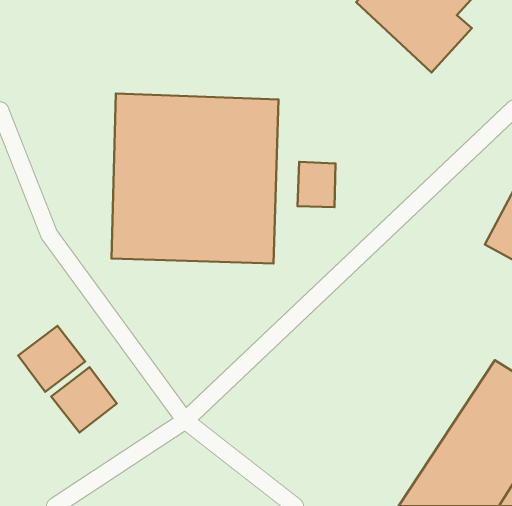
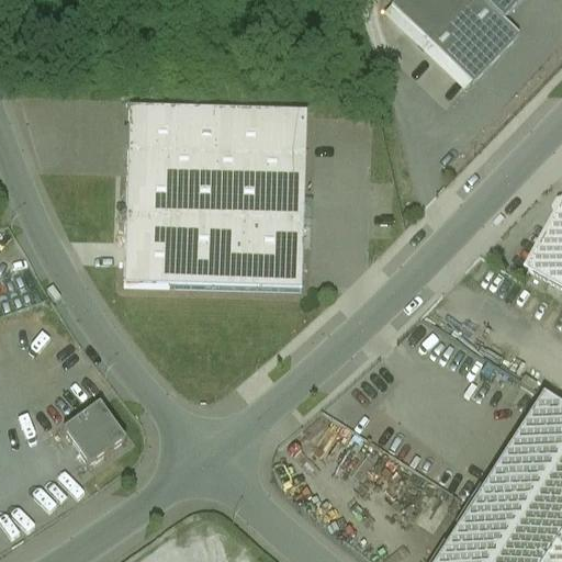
building: [298,162,336,207] -> none
building: [18,326,85,392] -> none

